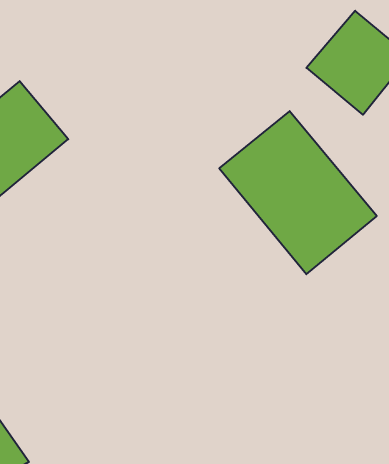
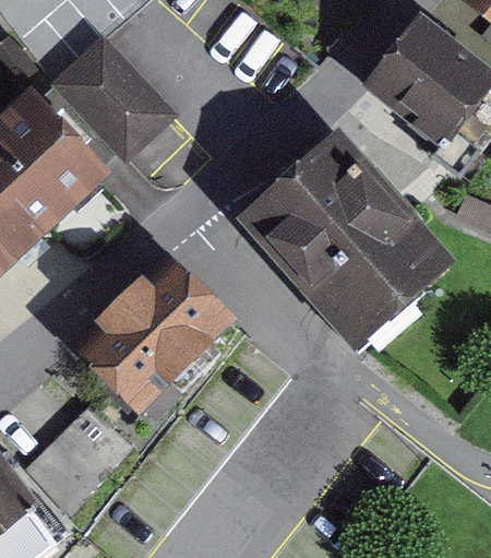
building: none -> [37,46,163,171]
building: none -> [82,269,221,407]

